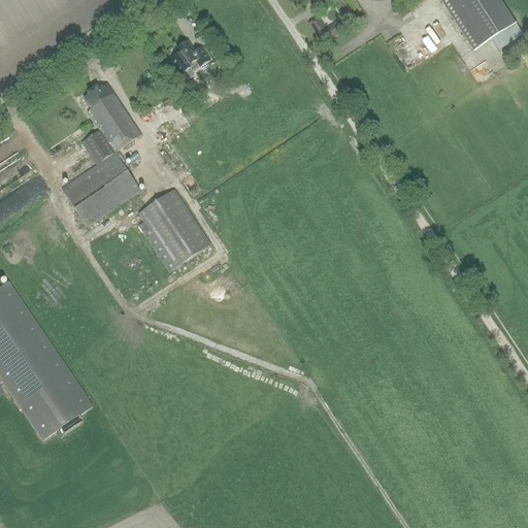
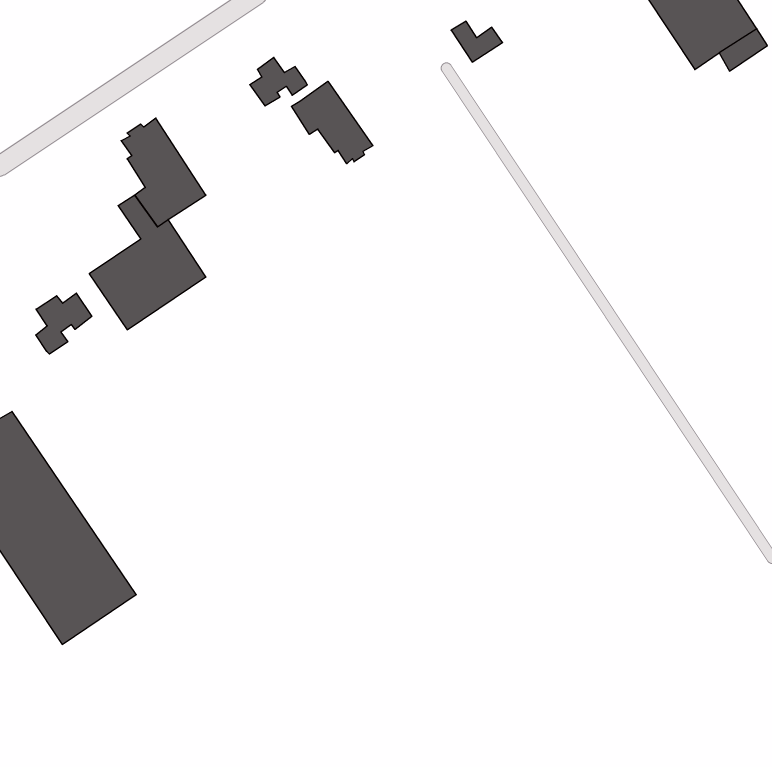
building: none -> [291,81,373,164]
building: [139,188,210,269] -> none
building: none -> [36,293,92,354]

